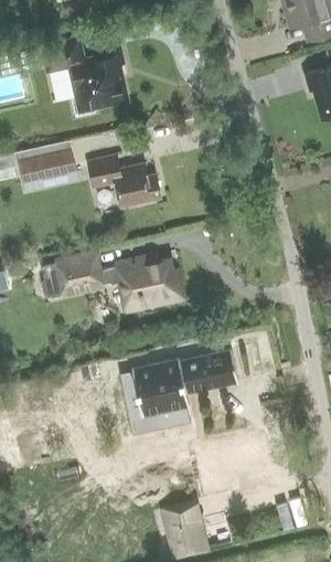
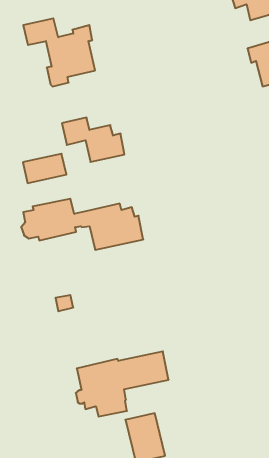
building: [26,148,77,182] -> [23,154,66,183]
building: [130,349,238,425] -> [76,351,169,417]

